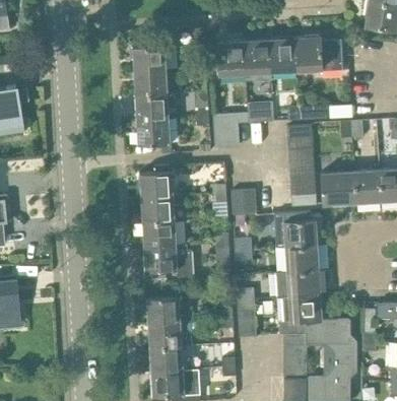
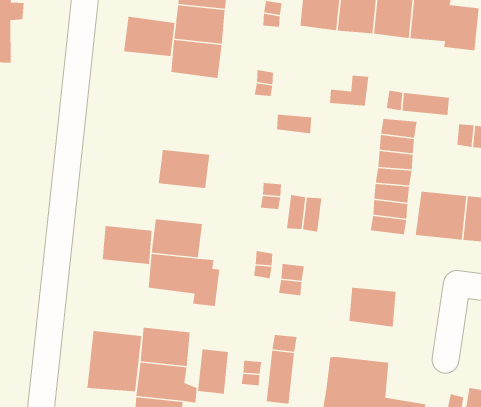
building: [213,114,249,137] -> none
building: [136,120,171,146] -> [123,16,175,57]
building: [140,197,176,223] -> [102,225,153,265]
building: [274,211,317,248] -> none
building: [276,271,320,298] -> none
building: none -> [87,330,142,392]
building: none -> [197,348,229,394]

